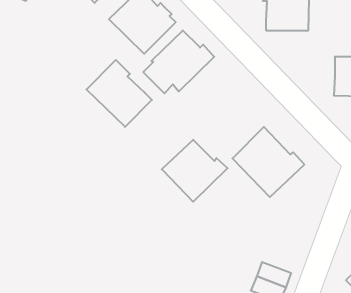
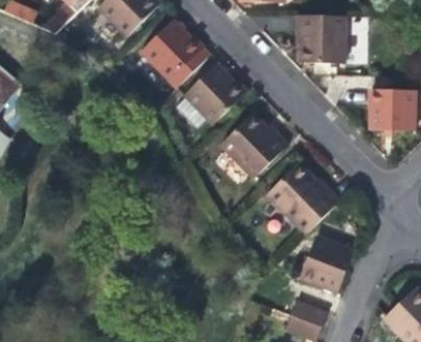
building: [86,60,152,127] -> none
building: [162,140,228,202] -> [220,115,288,178]
building: none -> [300,237,353,291]

